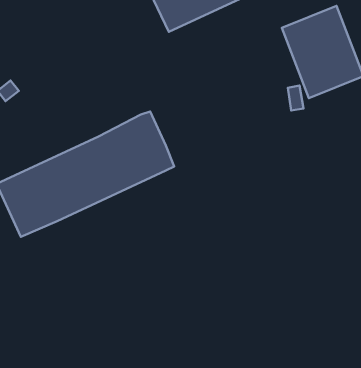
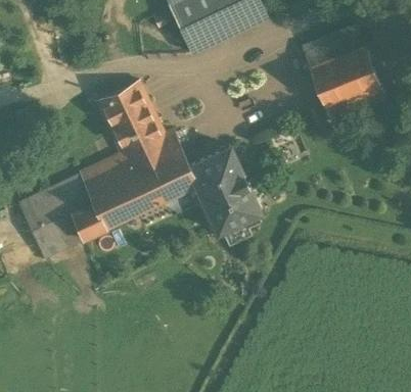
building: none -> [96,81,164,156]
building: none -> [188,147,261,232]

